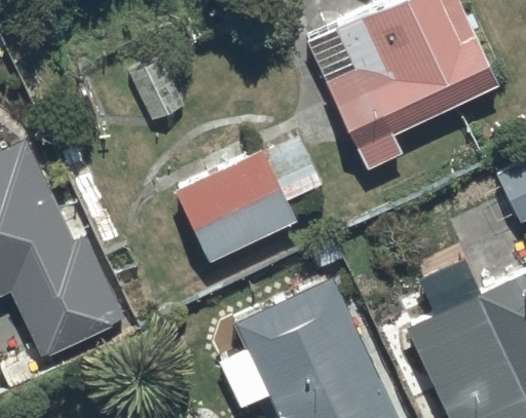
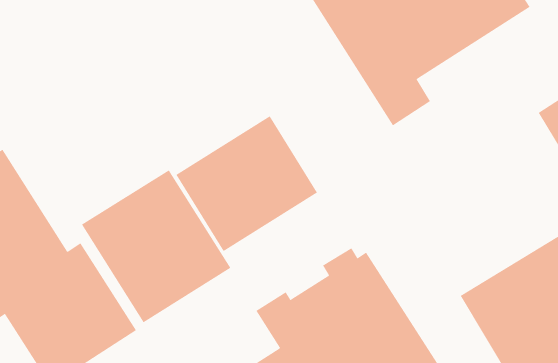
building: none -> [81,169,231,323]

